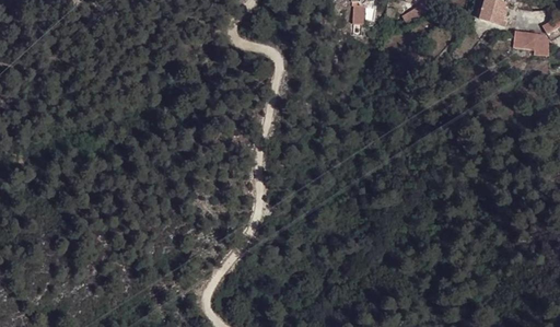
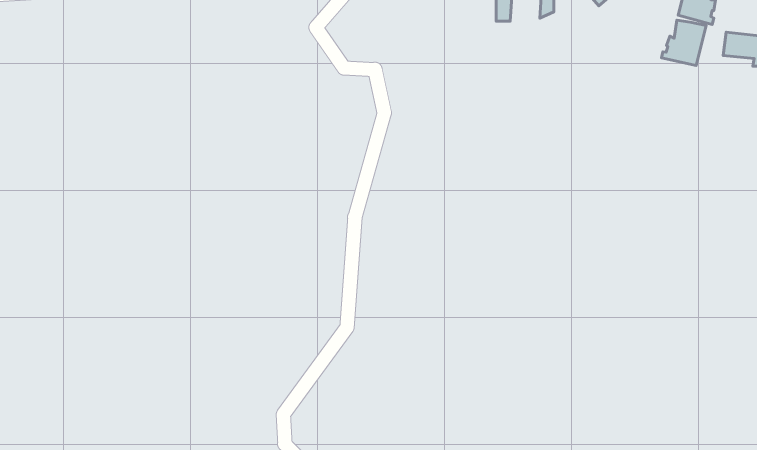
building: none -> [661,20,706,66]

